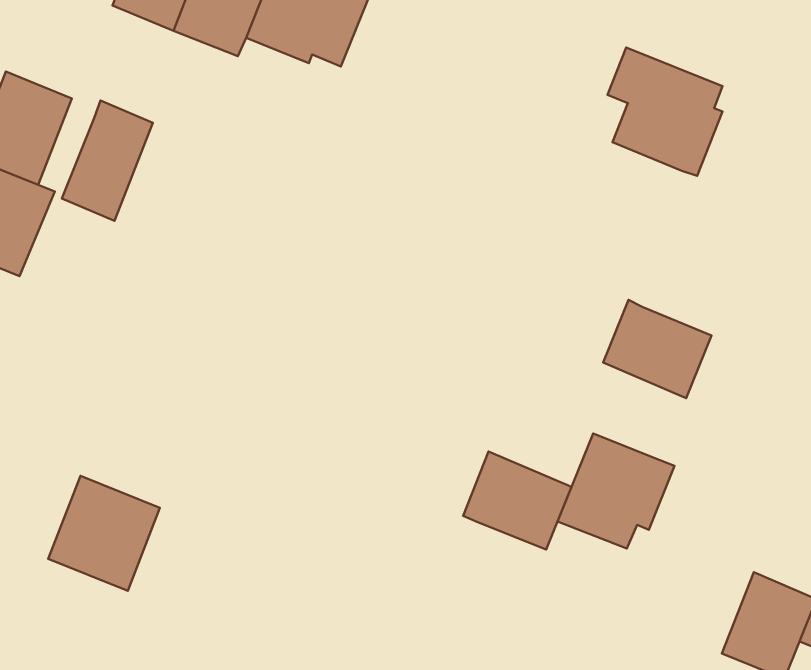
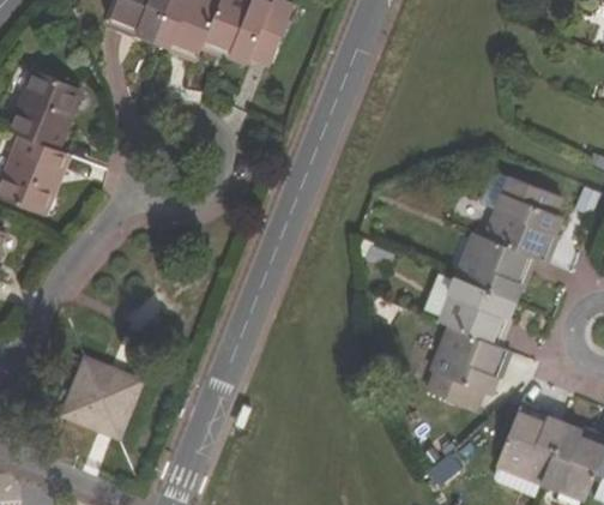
building: [607,47,722,176] -> [479,169,561,260]
building: [62,101,153,221] -> none
building: [463,451,572,550] -> [437,276,514,345]
building: none -> [496,407,562,482]

